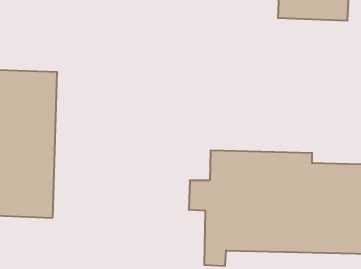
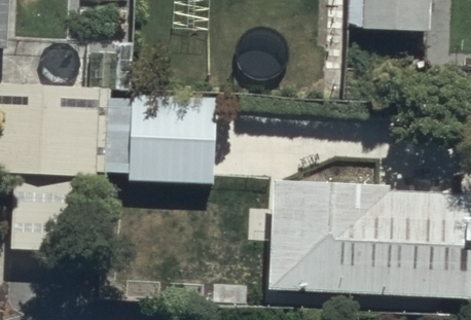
building: none -> [105,95,215,181]

